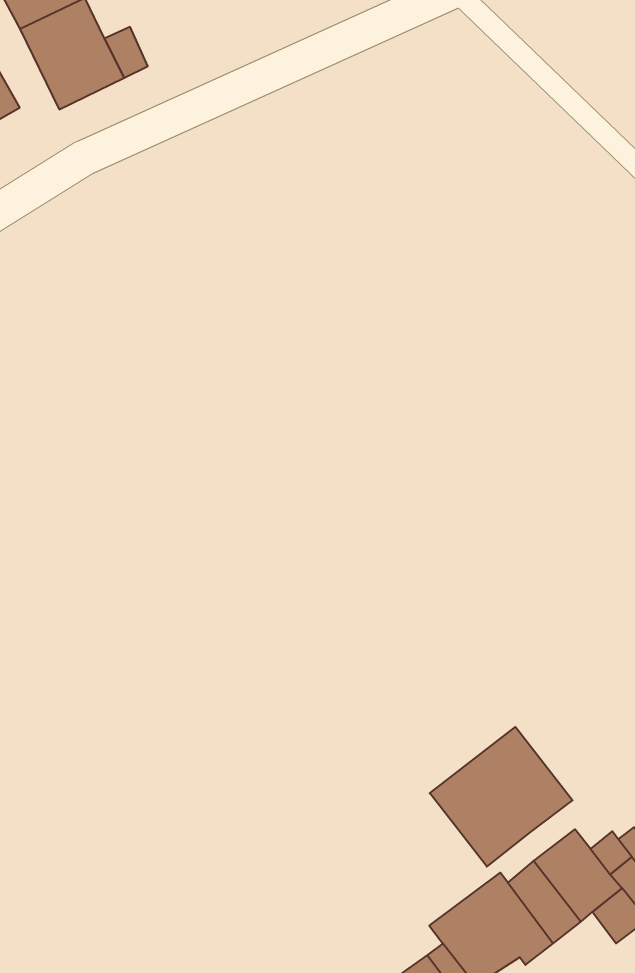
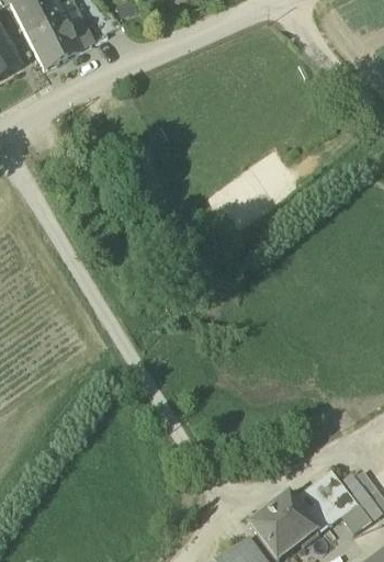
building: [430,727,573,867] -> none

